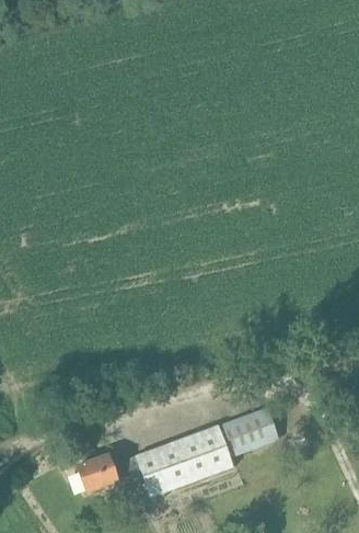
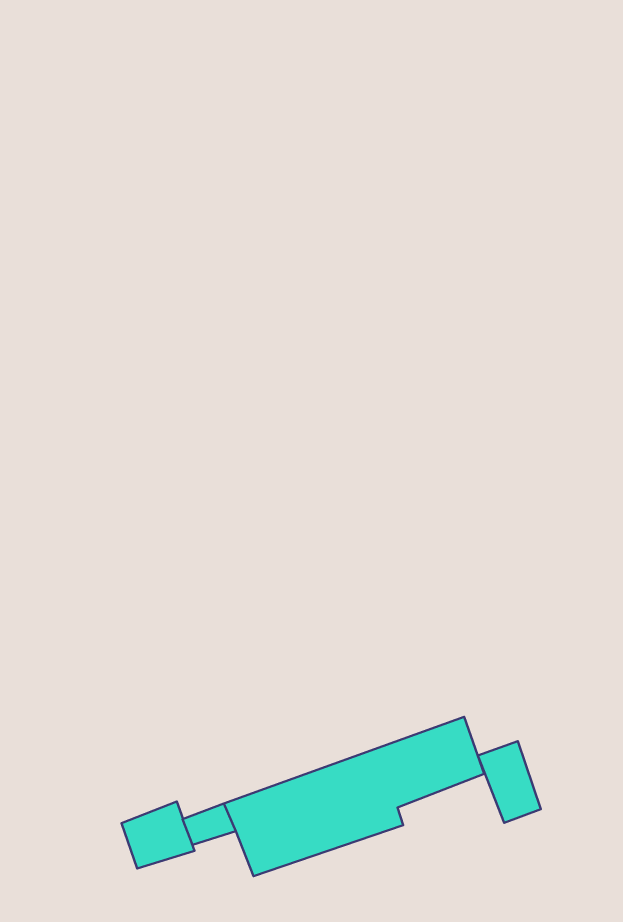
building: none -> [478,741,541,823]

